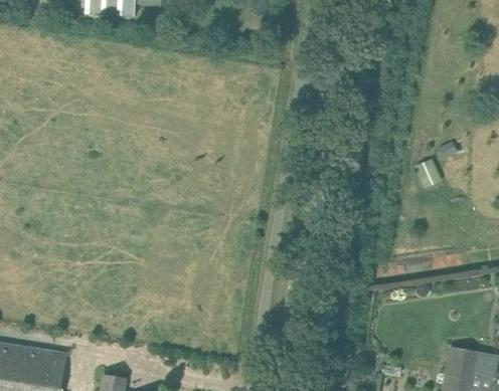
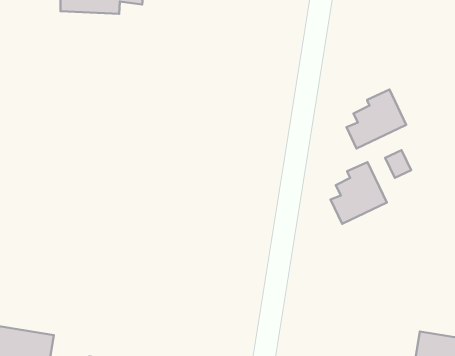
building: none -> [347,90,406,149]
building: none -> [331,162,387,224]

